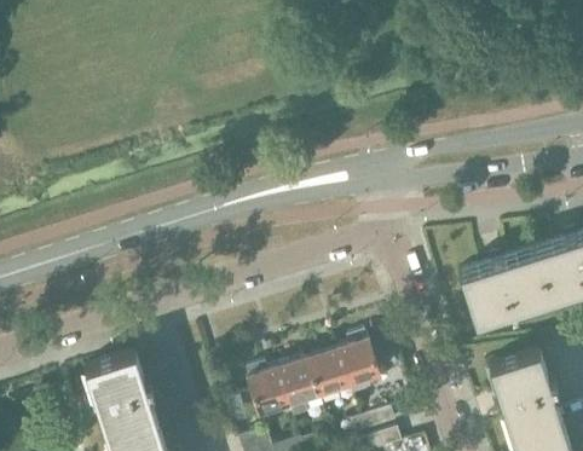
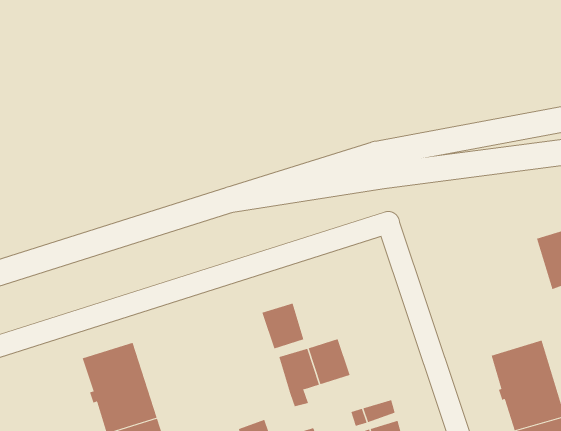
building: [458,250,549,324] -> none
building: [337,340,380,386] -> none
building: [247,368,289,414] -> [262,303,304,349]

